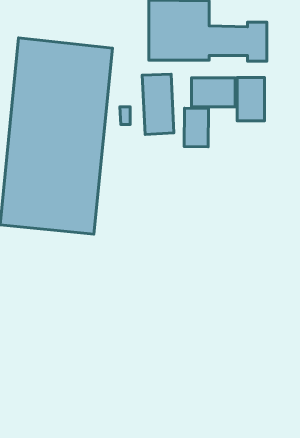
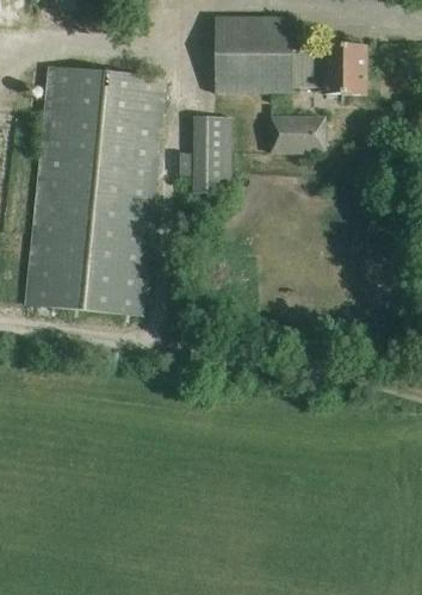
building: [237,78,264,121] -> none
building: [184,108,208,147] -> none

